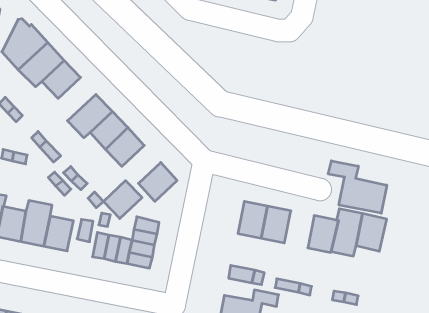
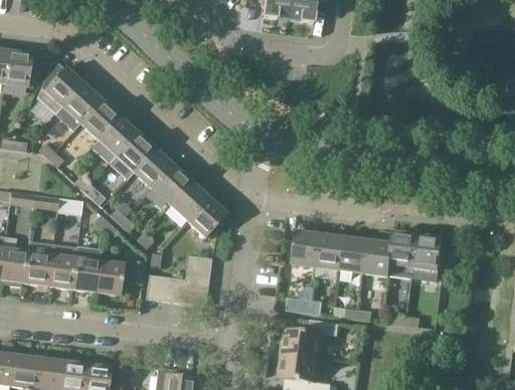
building: none -> [93,117,137,162]
building: [328,161,387,213] -> none
building: [103,181,142,219] -> [169,181,208,220]
building: none -> [341,236,369,272]

